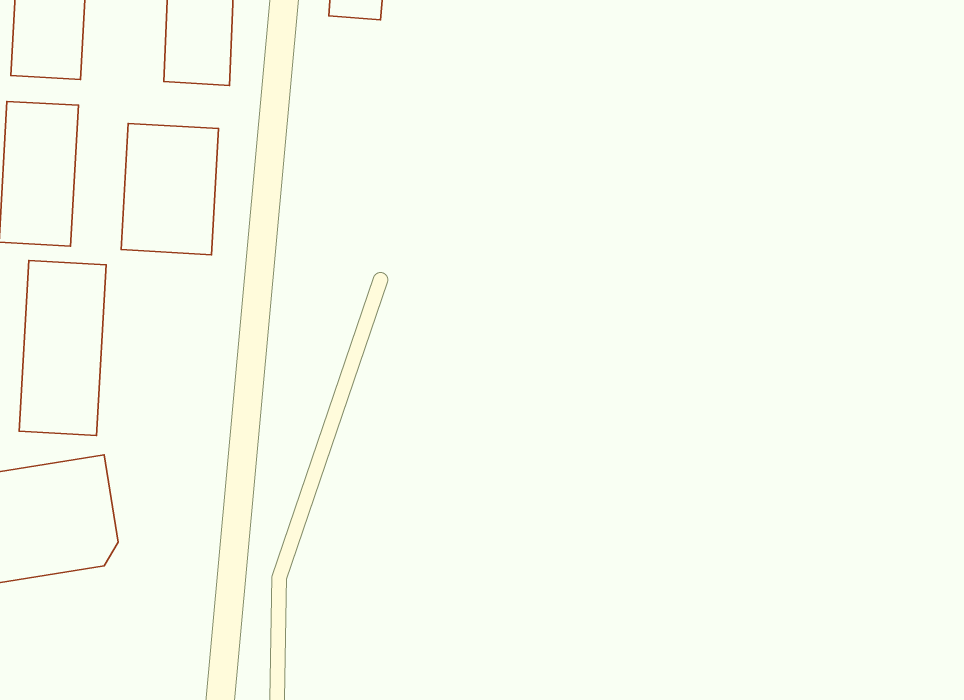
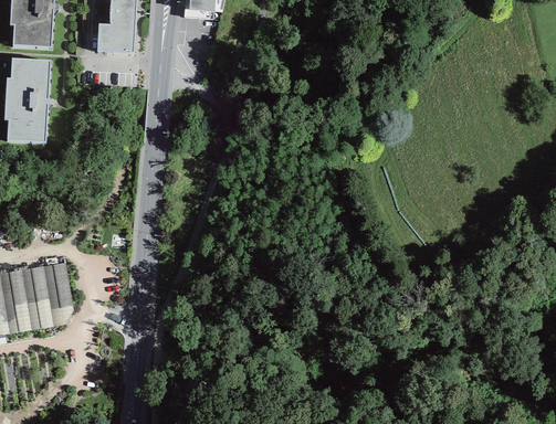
building: [121,123,219,255] -> none
building: [19,260,106,436] -> none

